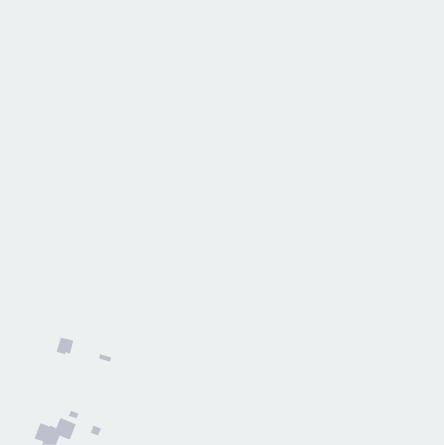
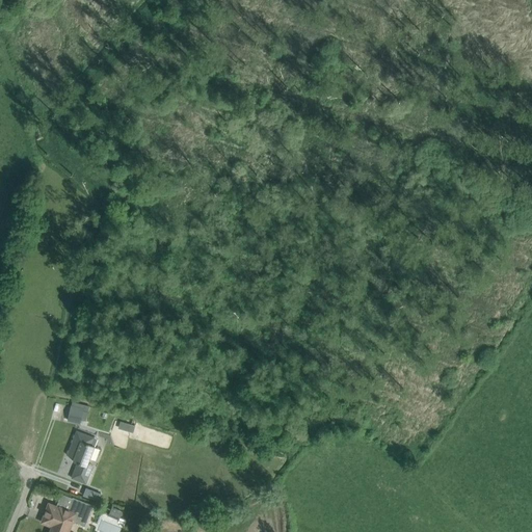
building: none -> [66,431,94,483]

